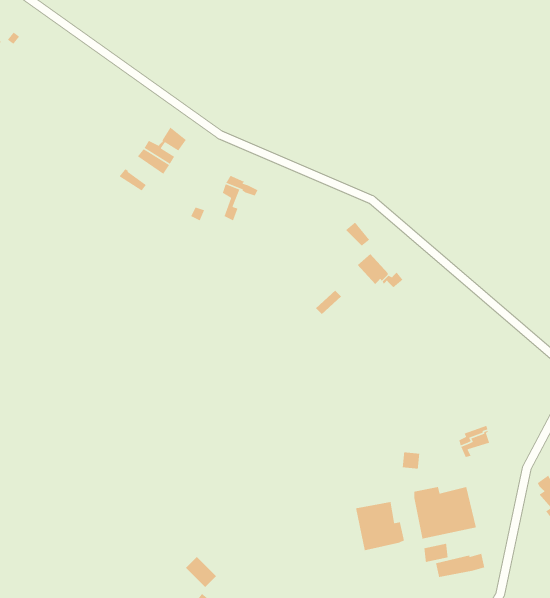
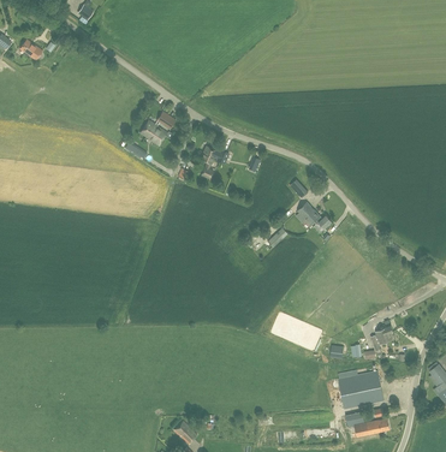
building: [355,501,405,551] -> none

